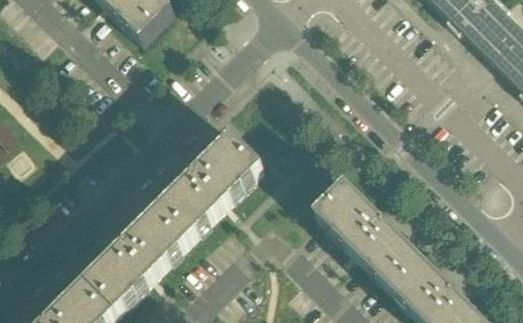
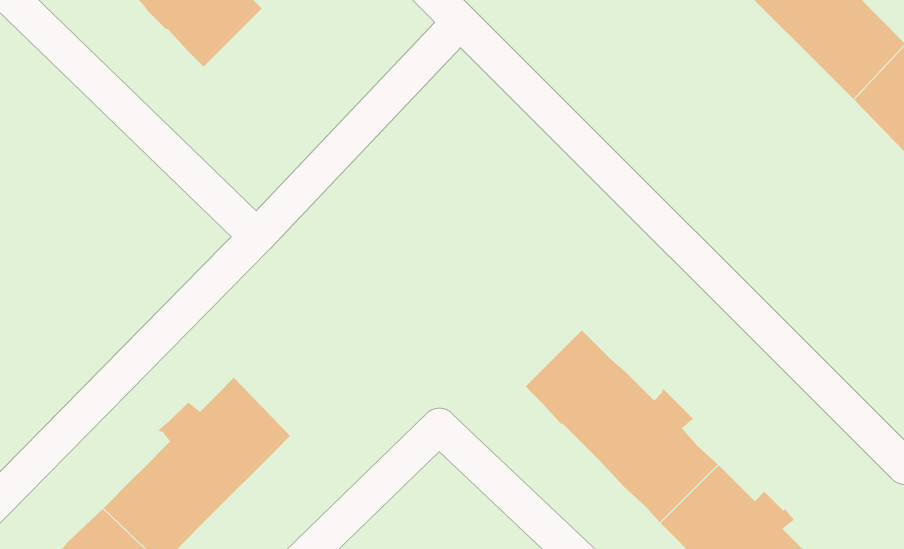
building: [153,130,260,237] -> none

